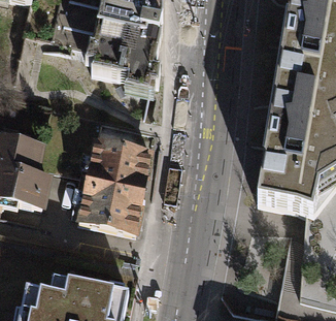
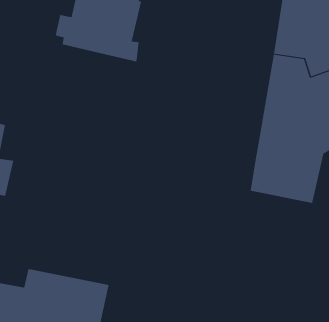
building: [77,139,149,232] -> none

